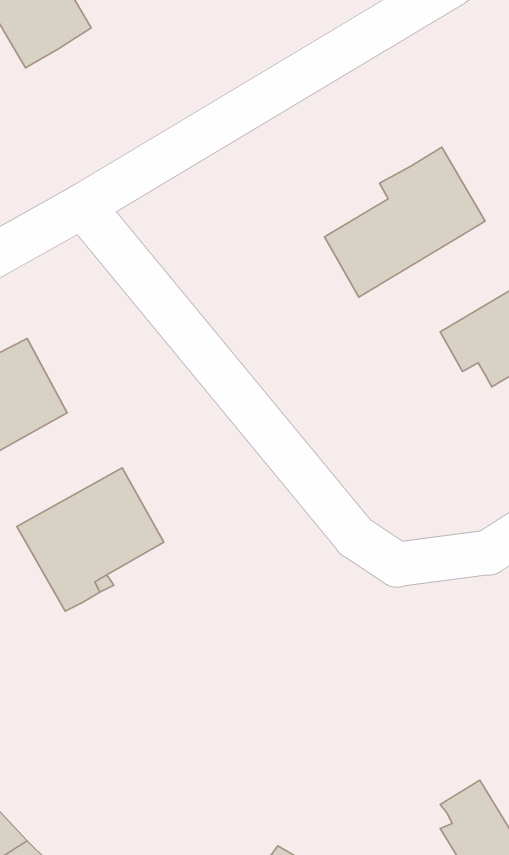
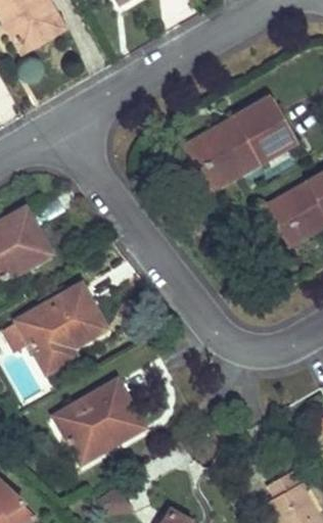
building: none -> [183,117,238,191]
building: none -> [55,380,144,461]

